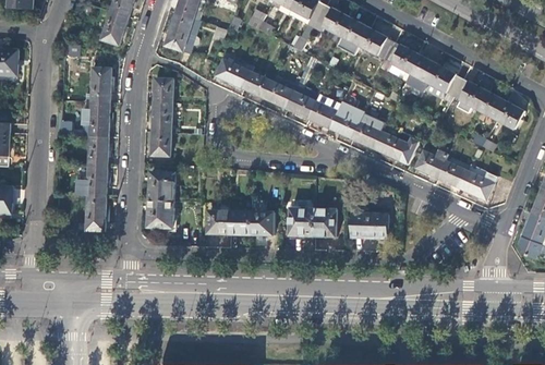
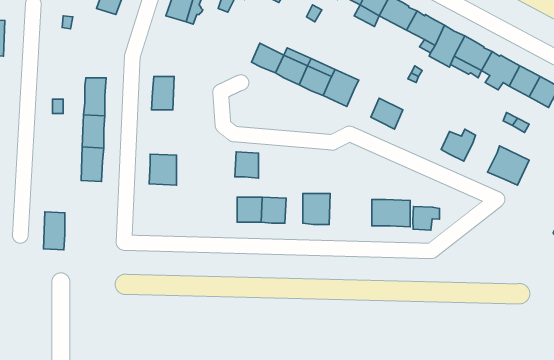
building: [215,59,252,88] -> none
building: [90,68,110,102] -> none
building: [153,77,172,101] -> none
building: [329,111,359,138] -> none
building: [150,132,170,157] -> none
building: [373,132,409,161] -> none
building: [436,161,467,188] -> none
building: [85,196,105,231] -> [43,212,65,250]
building: [147,199,173,228] -> none
building: [313,208,336,238] -> none
building: [207,210,229,234] -> [235,152,259,178]
building: none -> [413,207,440,230]

